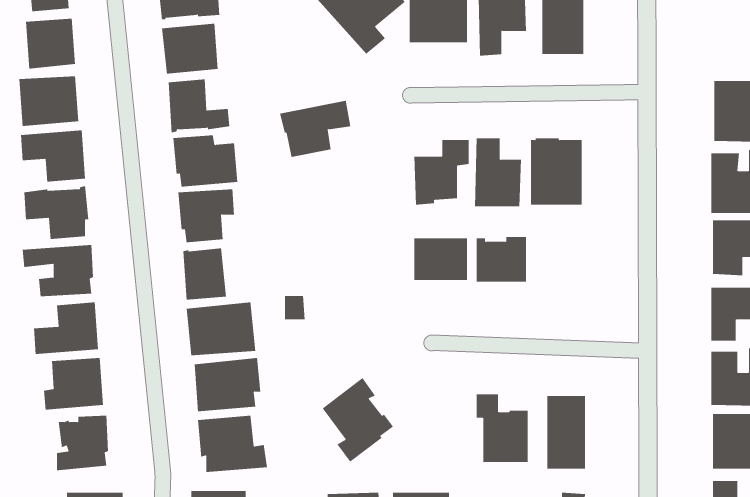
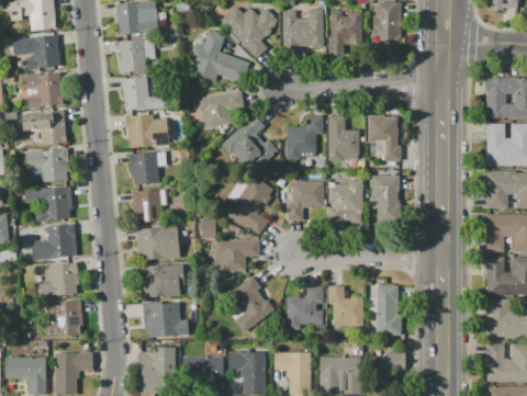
building: none -> [187,29,249,83]
building: none -> [222,116,274,169]
building: none -> [220,174,272,234]
building: none -> [371,176,400,220]
building: none -> [215,239,259,273]
building: none -> [285,285,323,332]

